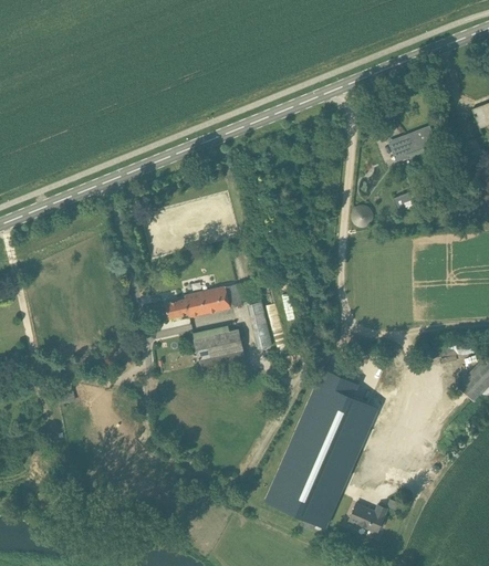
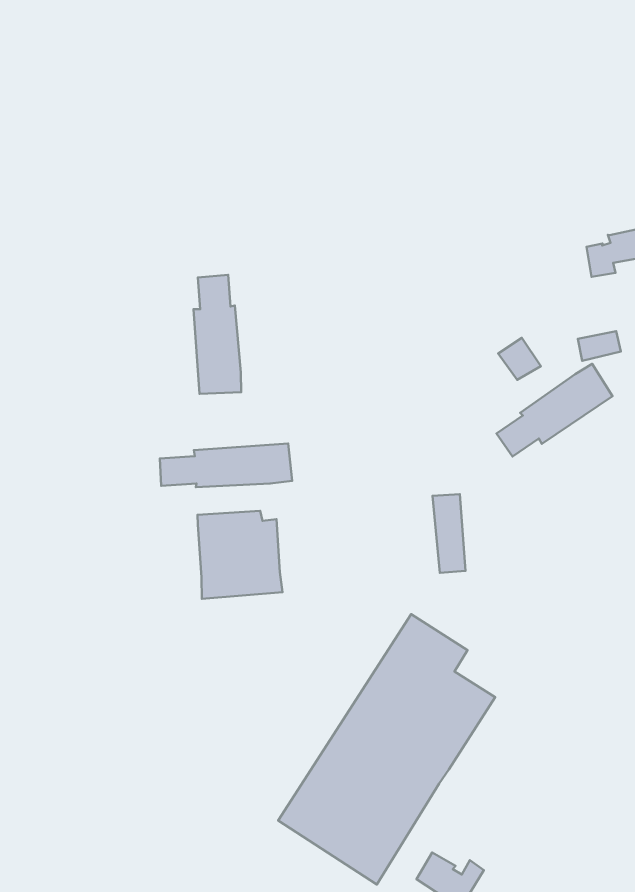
building: none -> [194,275,241,394]
building: none -> [496,364,613,457]
building: [246,303,271,349] -> [432,494,465,573]

